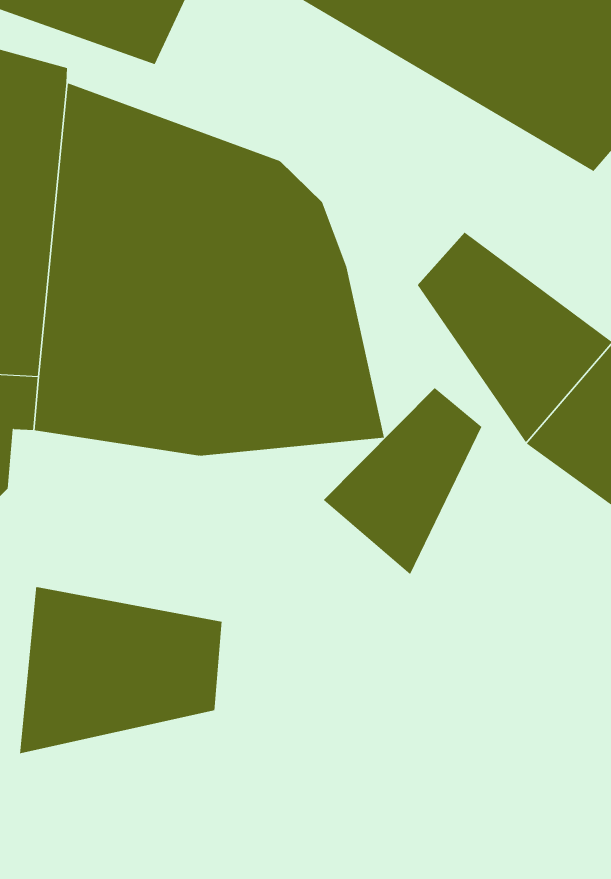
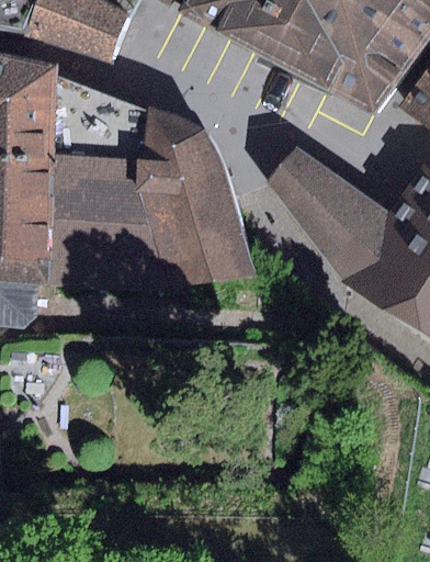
building: [323,387,482,575] -> none
building: [19,586,222,754] -> none

